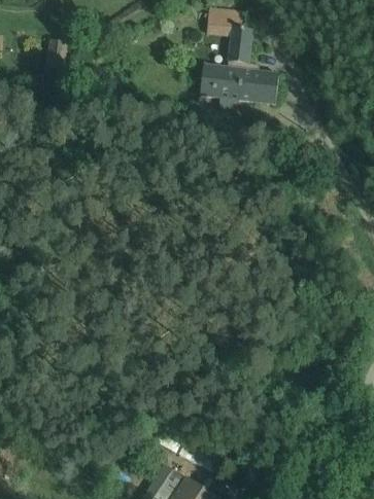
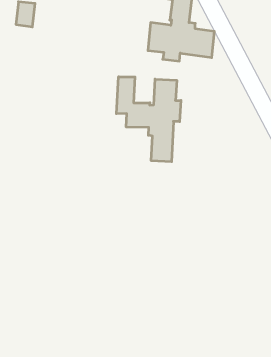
building: none -> [116,77,181,162]

